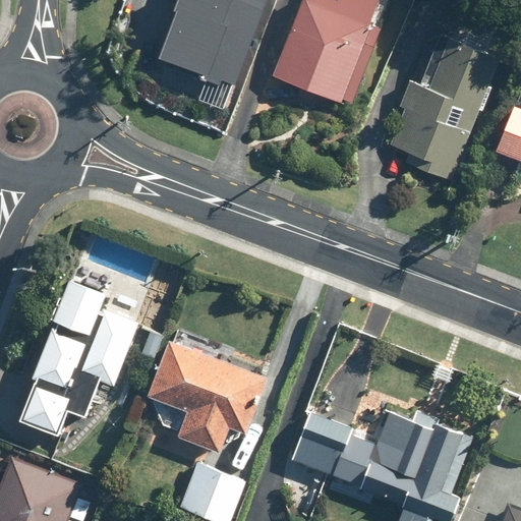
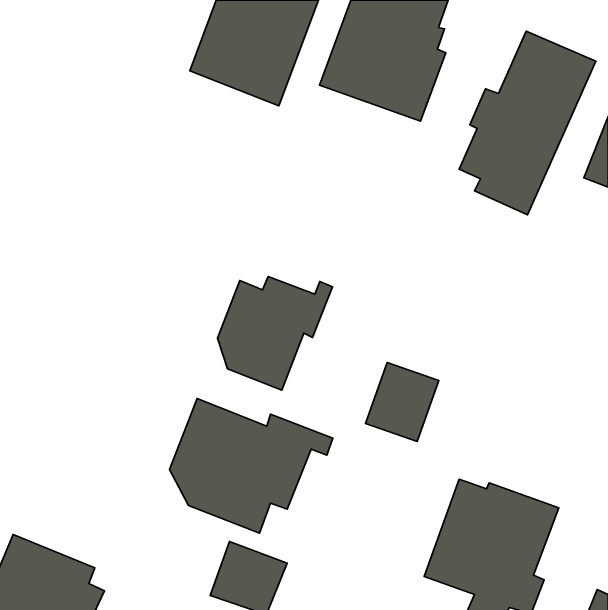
building: none -> [217,277,332,390]
building: [19,280,137,432] -> none
building: [290,409,352,476] -> [365,362,439,442]

